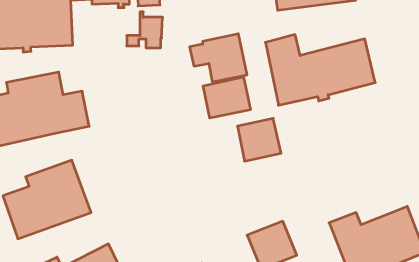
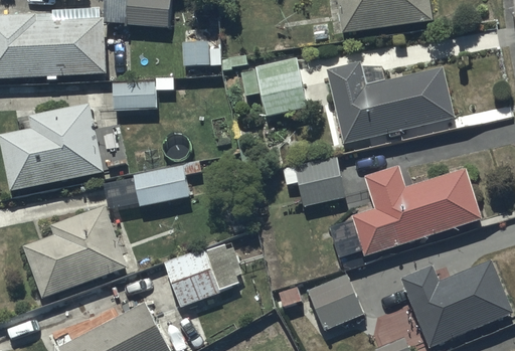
building: none -> [113,78,173,110]
building: [203,77,250,118] -> none
building: none -> [352,165,480,254]
building: none -> [133,166,194,207]
building: none -> [164,241,241,308]

